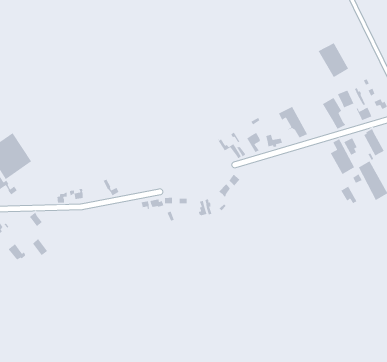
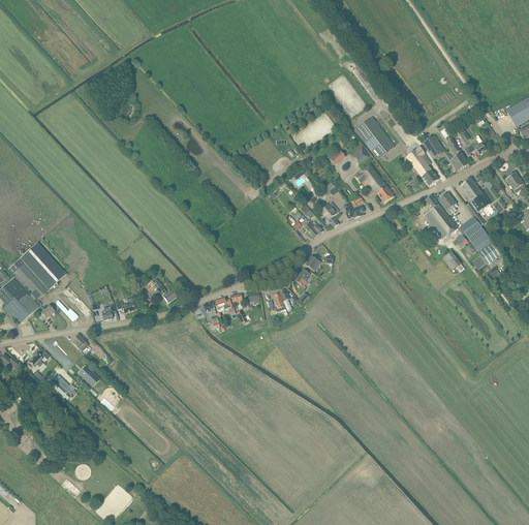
building: [318,42,349,78] -> [354,115,396,158]

